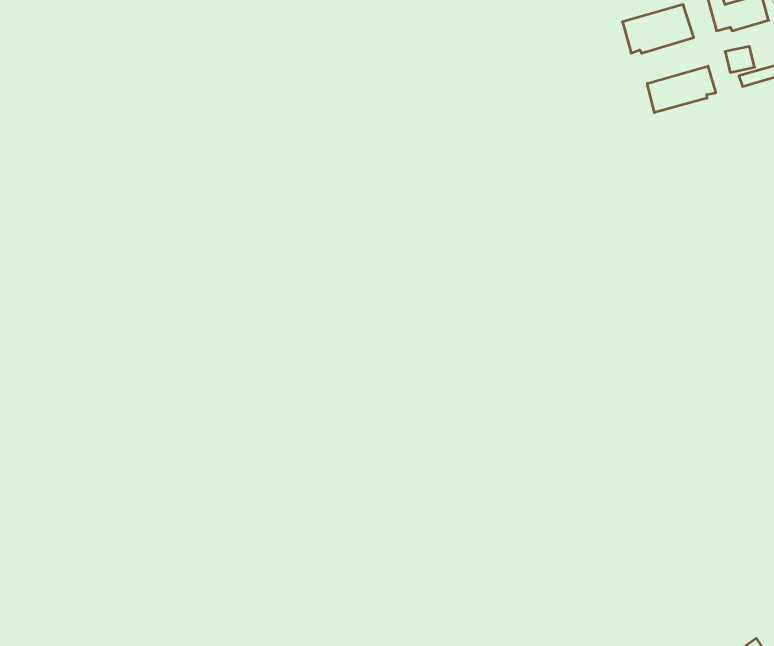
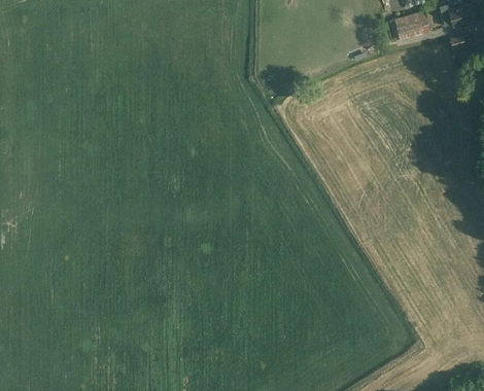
building: [647,66,716,113] -> none

